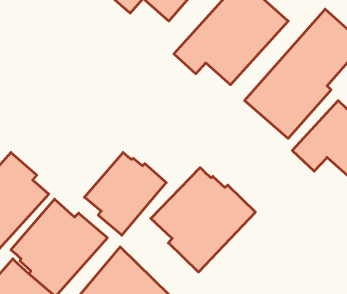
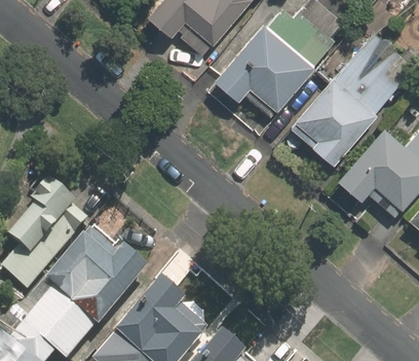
building: [84,152,166,235] -> none
building: [151,168,255,272] -> none

